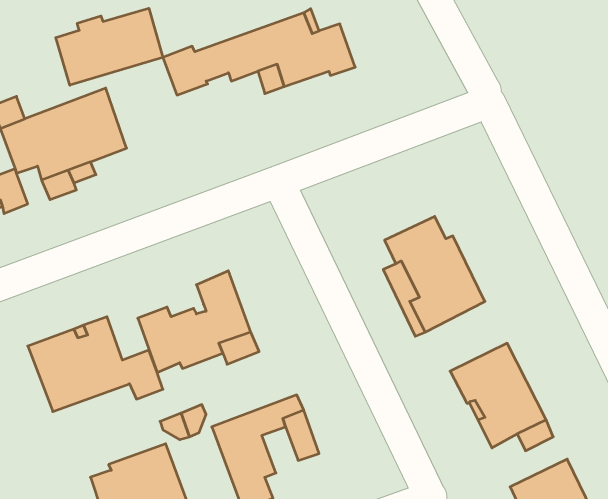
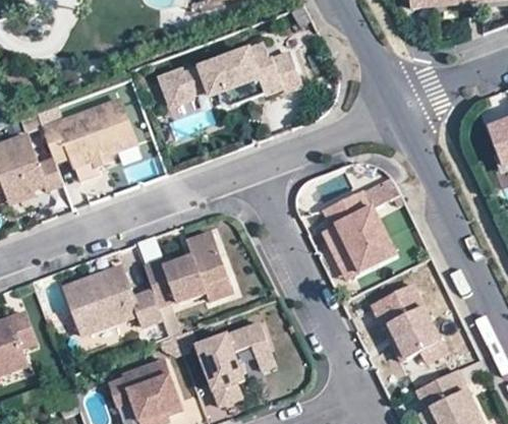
building: [56,8,163,85] -> none

